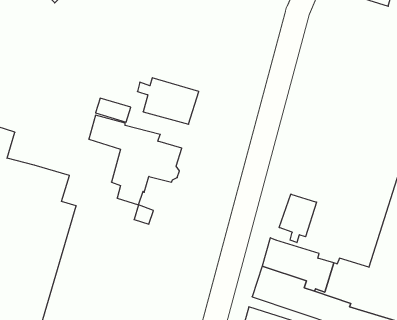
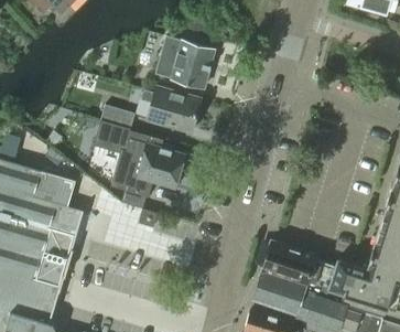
building: none -> [154,35,214,87]
building: [279,194,317,243] -> none

